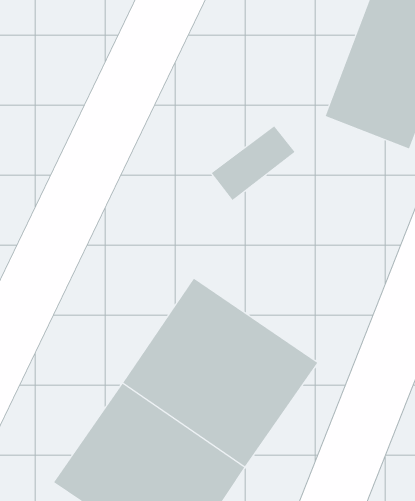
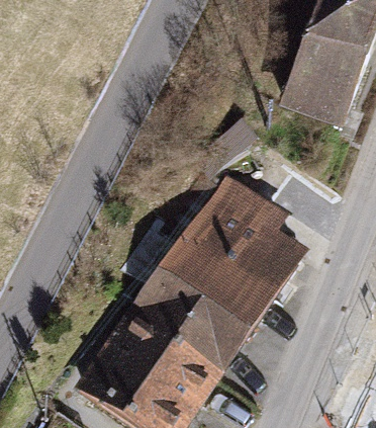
building: none -> [180,167,306,296]

